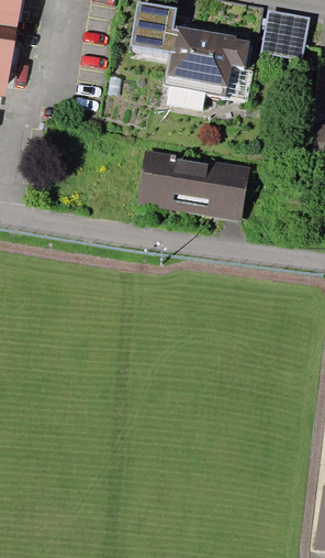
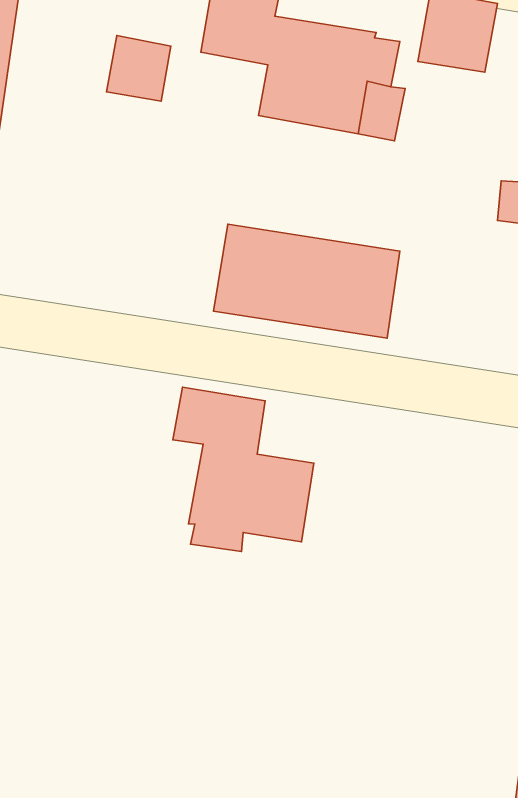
building: none -> [107,35,171,101]
building: none -> [173,387,314,551]

